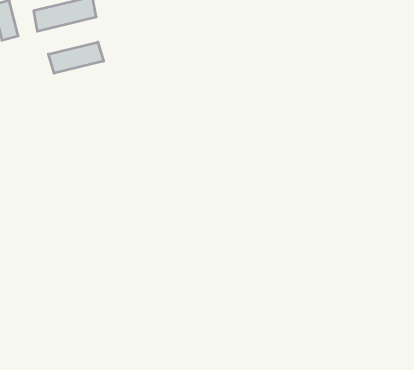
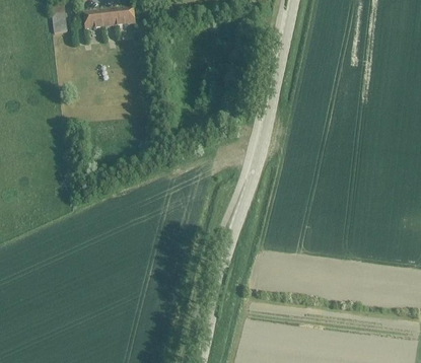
building: [48,42,104,73] -> none

